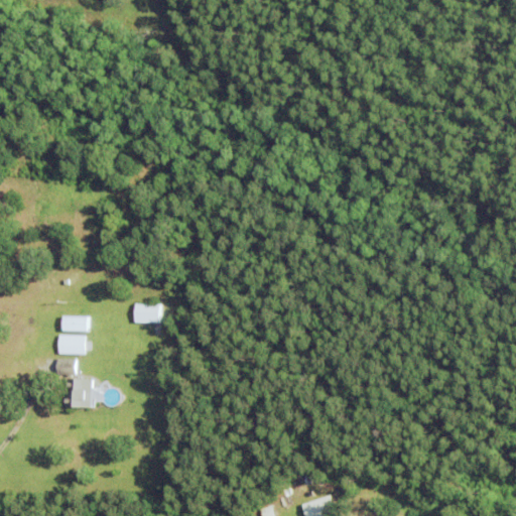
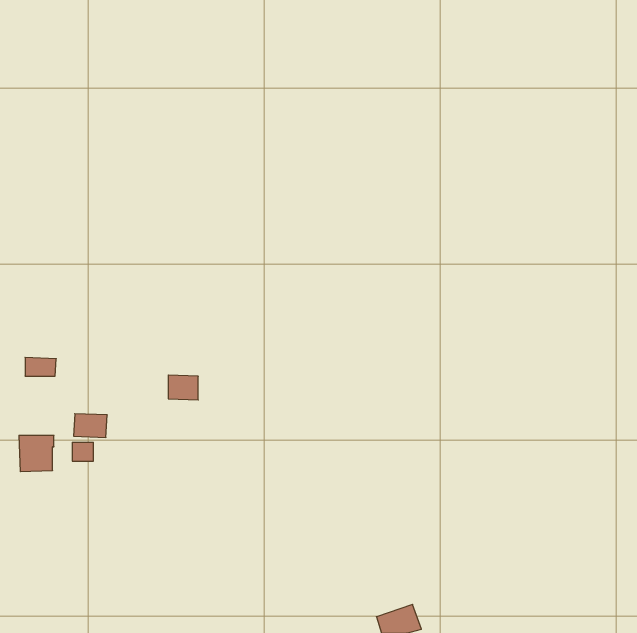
building: [63,316,89,332] -> [25,357,56,376]
building: [64,379,93,408] -> [19,435,54,472]

